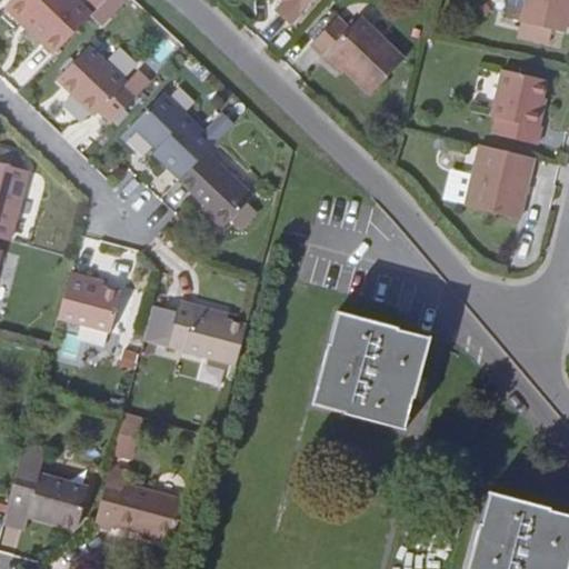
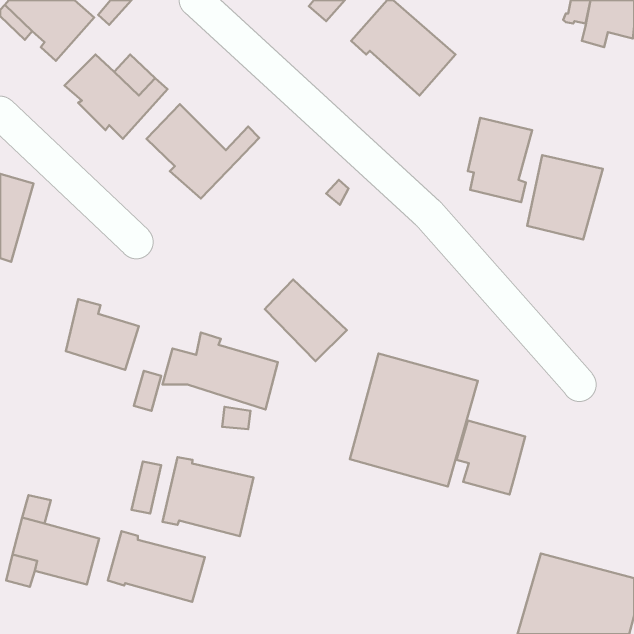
building: [495,64,552,140] -> [468,118,532,202]
building: [178,153,251,227] -> [265,279,347,361]
building: none -> [456,421,525,495]
building: none -> [162,457,253,536]

